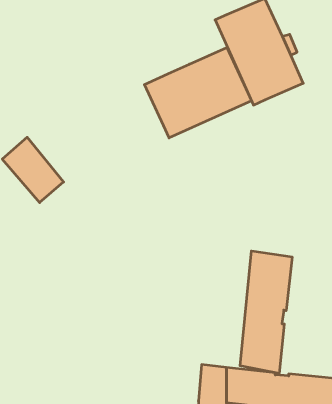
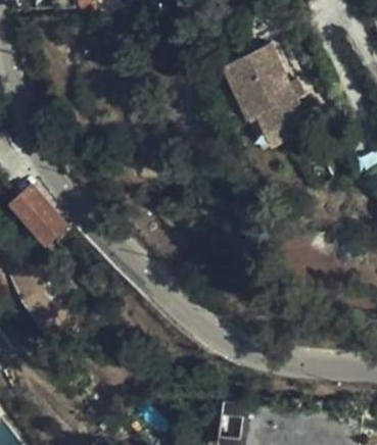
building: [144,47,251,138] -> none
building: [240,251,292,374] -> none

